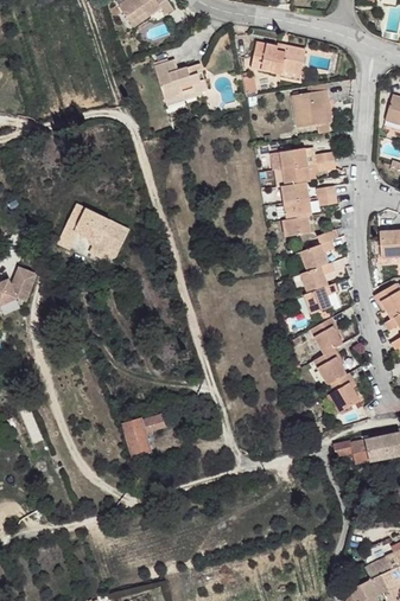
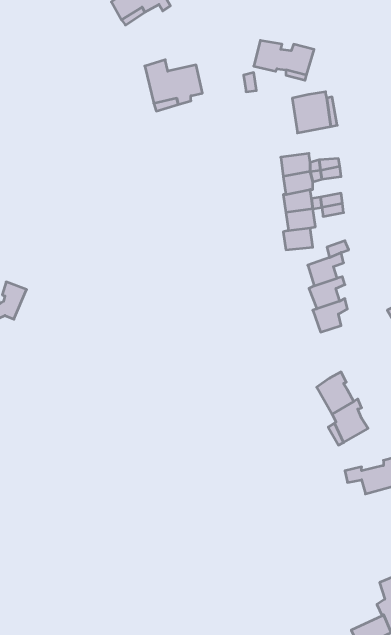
building: [53,207,119,261] -> none
building: [309,320,341,357] -> none
building: [123,414,160,456] -> none

